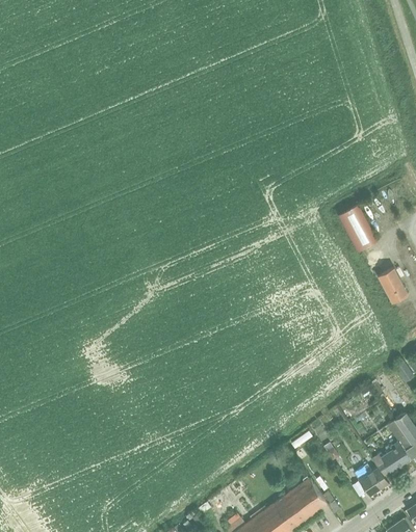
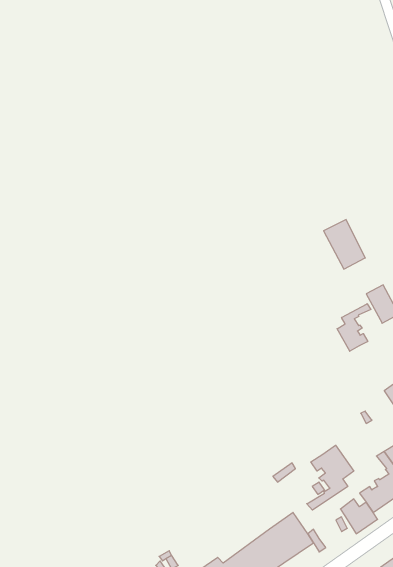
building: none -> [337,304,371,351]
building: none -> [307,445,354,510]

